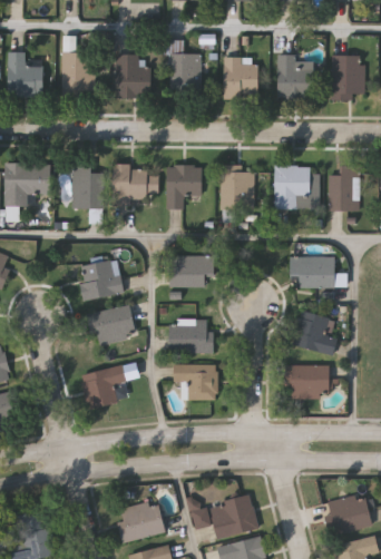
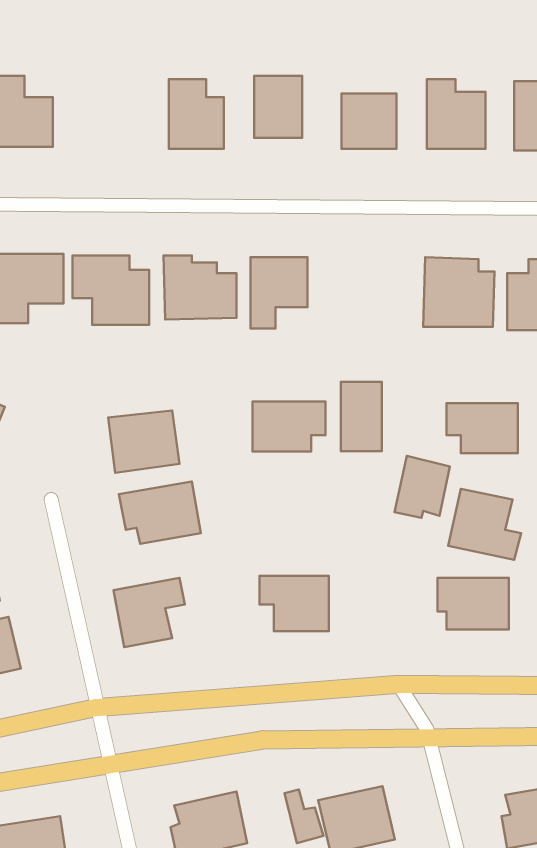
building: [61,51,95,98] -> none
building: [221,166,246,209] -> [341,382,382,451]
building: none -> [395,456,450,518]
building: [168,318,211,352] -> none

